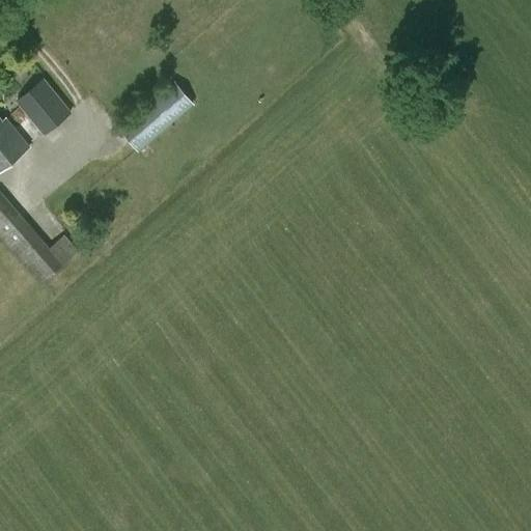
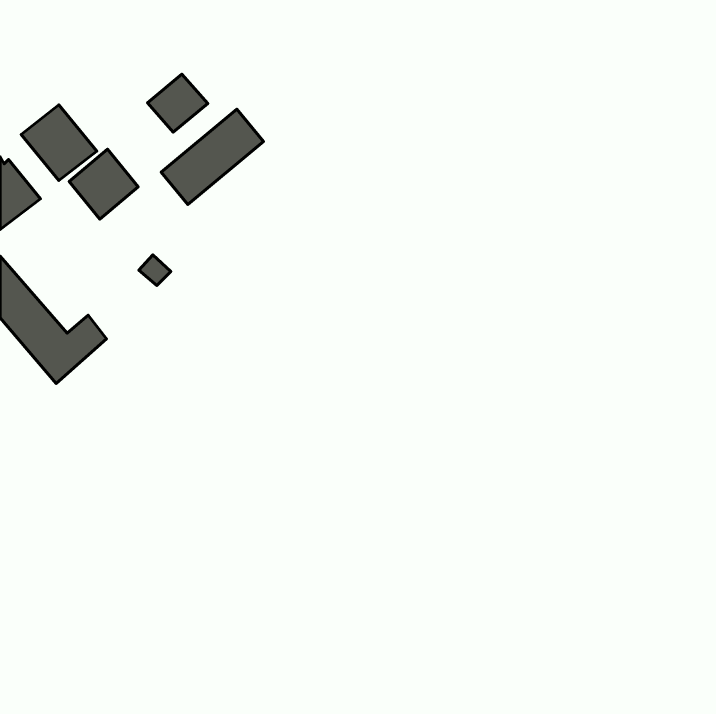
building: none -> [148,74,208,132]
building: none -> [69,149,138,219]

